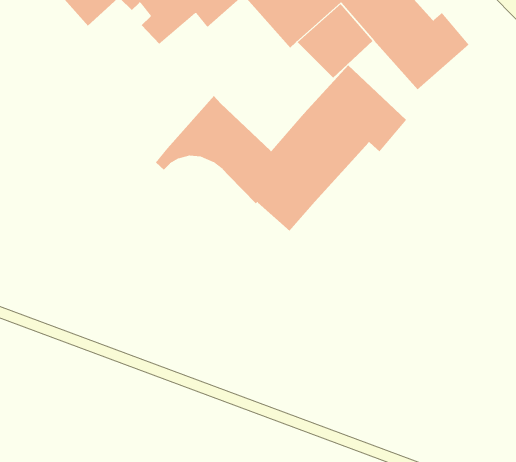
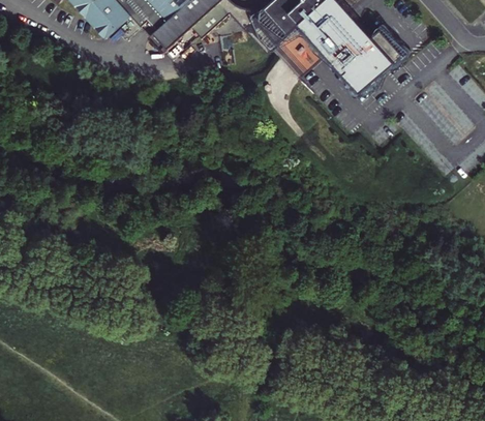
building: [155,64,407,232] -> none

